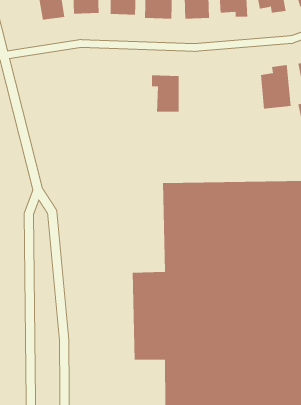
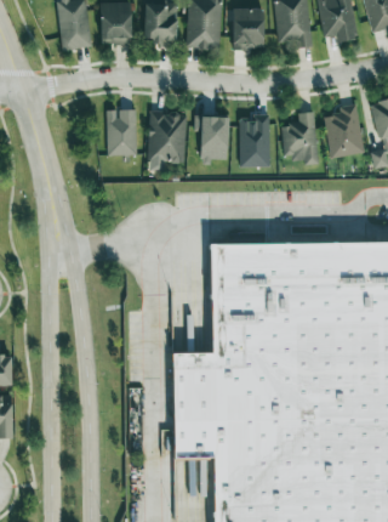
building: none -> [107,109,138,155]
building: none -> [149,110,188,170]
building: none -> [283,112,318,163]
building: none -> [240,115,270,166]

